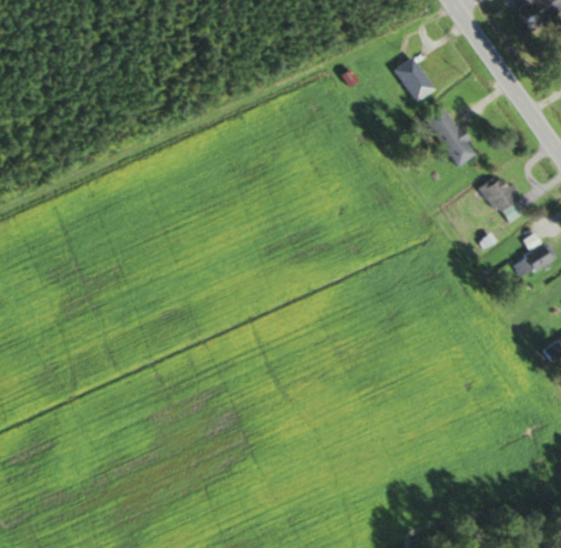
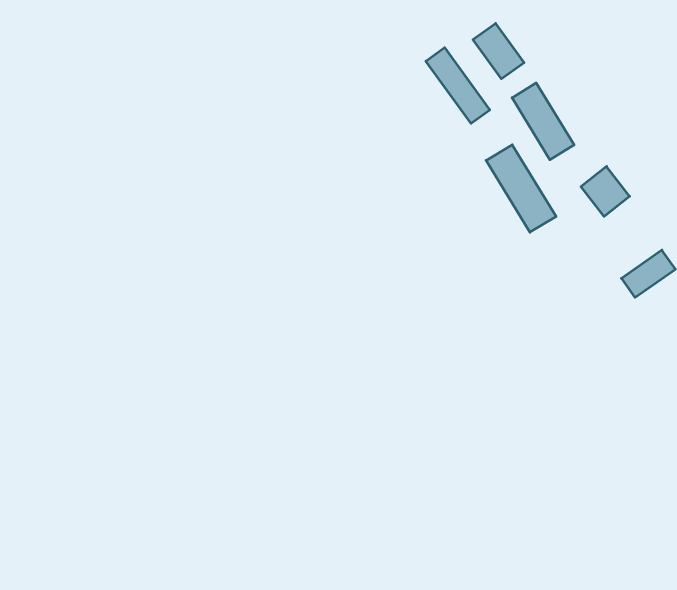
building: none -> [426,48,490,123]
building: none -> [486,145,556,232]

